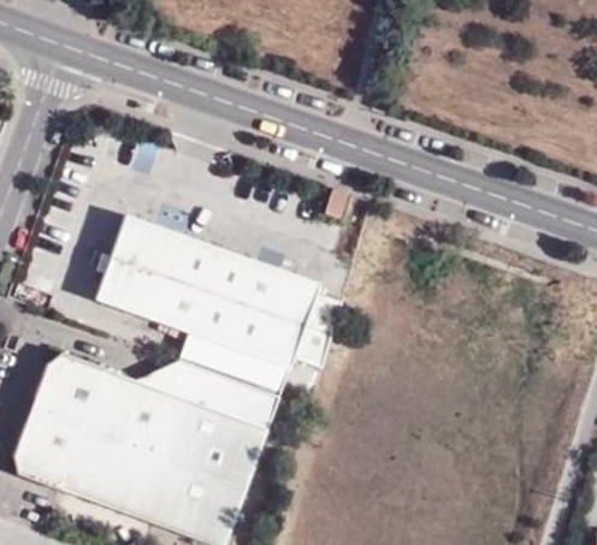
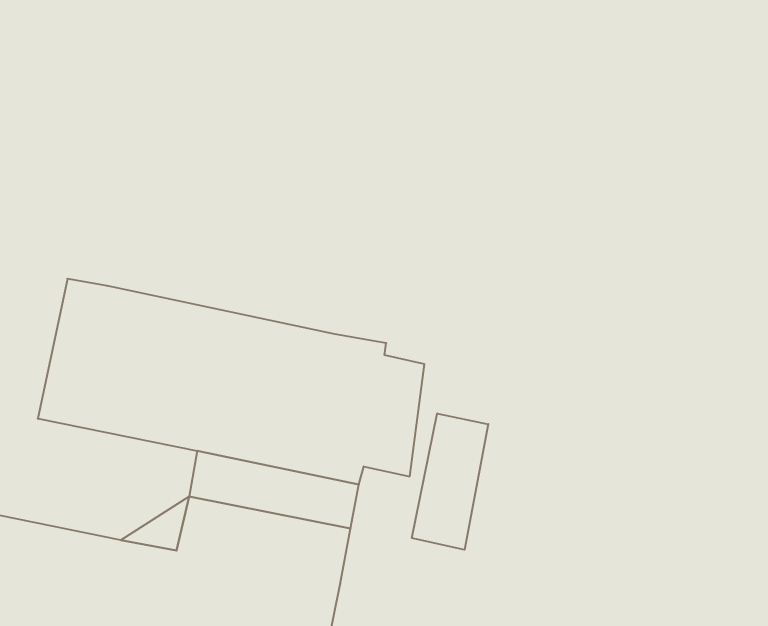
building: none -> [412,413,488,550]

